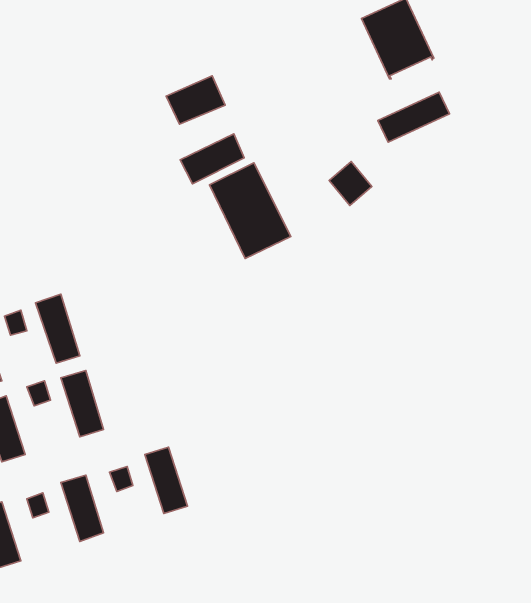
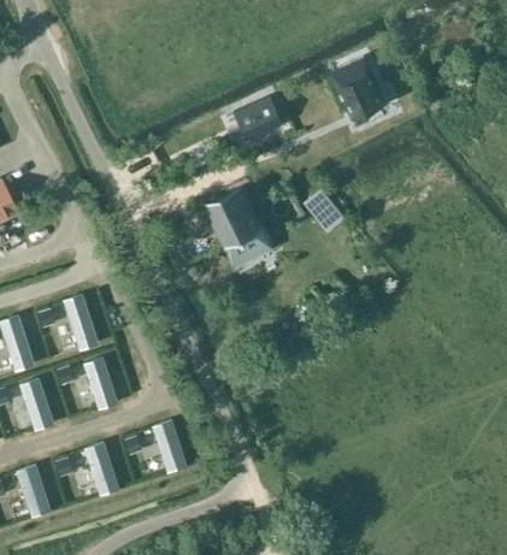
building: [166,76,225,124] -> [235,94,283,134]
building: [378,92,450,142] -> none
building: [180,134,244,184] -> none

